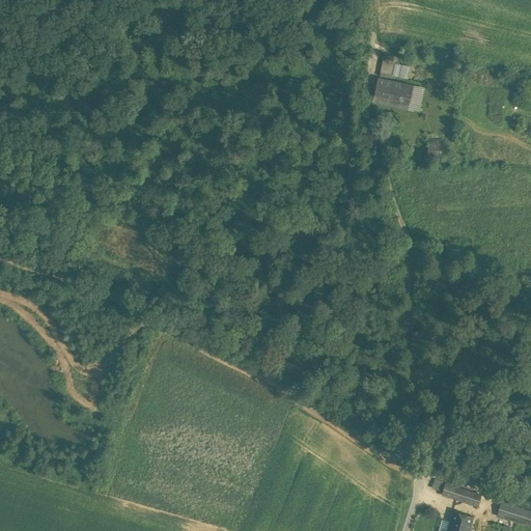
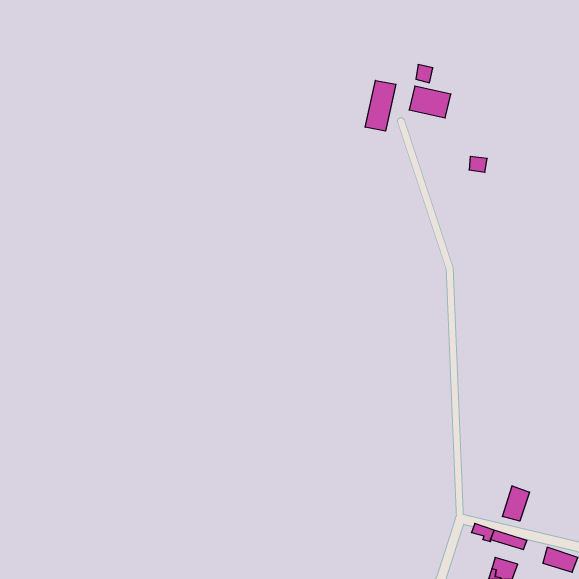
building: none -> [365,80,396,131]
building: none -> [502,486,530,521]

